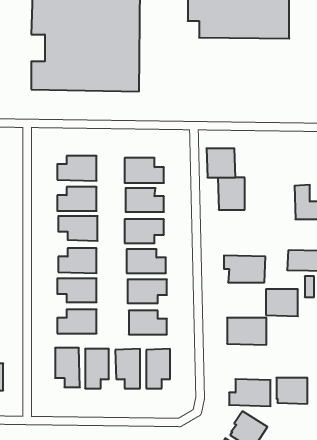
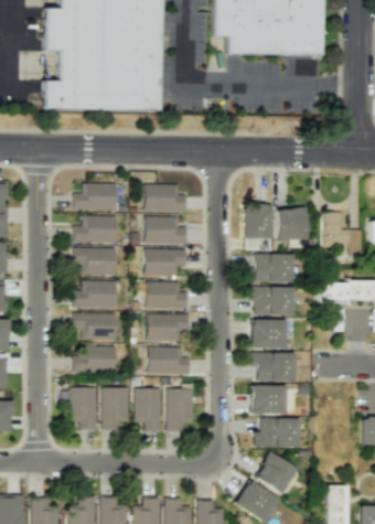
building: [206,148,235,177] -> [277,208,308,239]
building: none -> [255,254,293,282]
building: [266,289,298,316] -> [253,320,287,349]
building: [276,378,307,404] -> [253,386,286,414]

